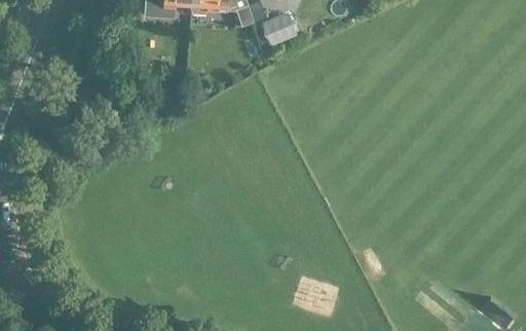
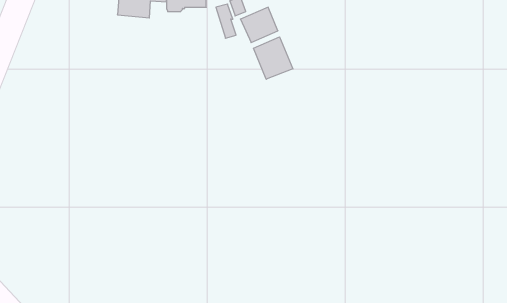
building: none -> [254,37,293,79]

